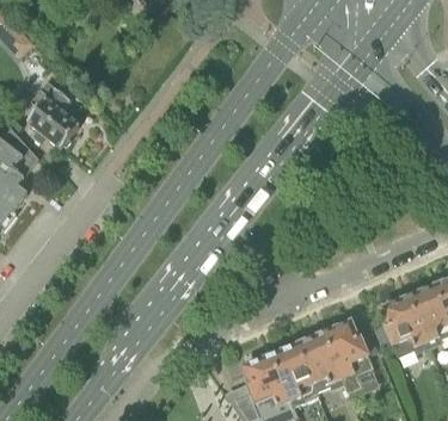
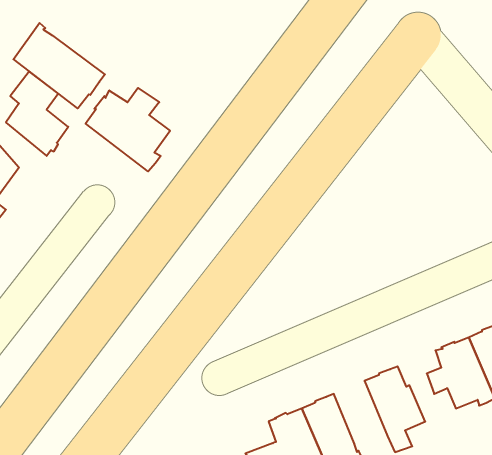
building: none -> [13,23,105,108]
building: none -> [86,88,170,171]
building: [296,332,340,383] -> none

